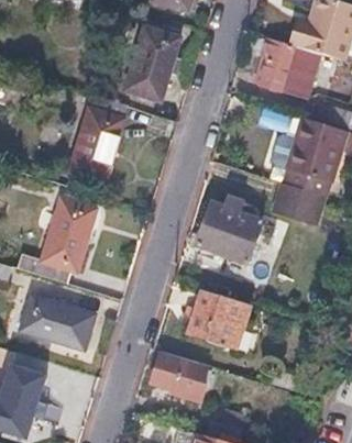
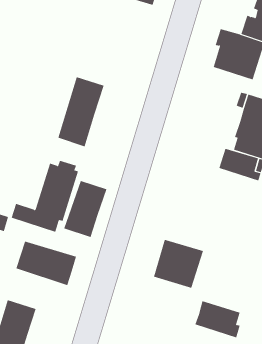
building: [125,25,178,99] -> none
building: [196,195,263,262] -> none
building: none -> [63,180,107,238]
building: [150,354,205,399] -> [195,301,241,338]

